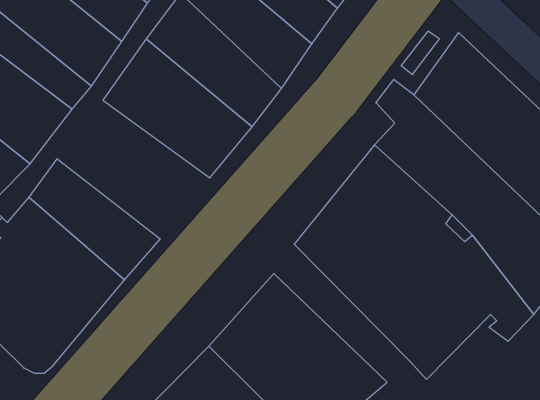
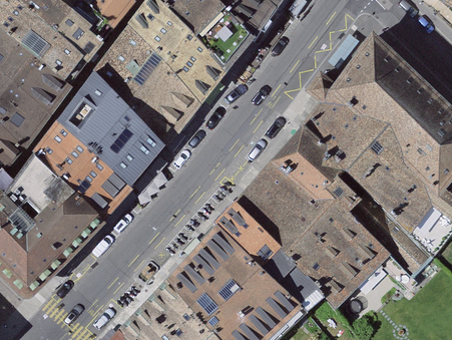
building: none -> [53,82,173,192]
building: none -> [223,196,331,304]

